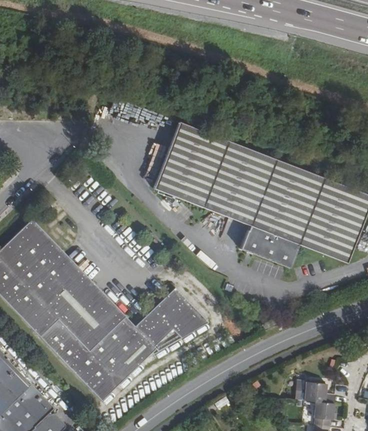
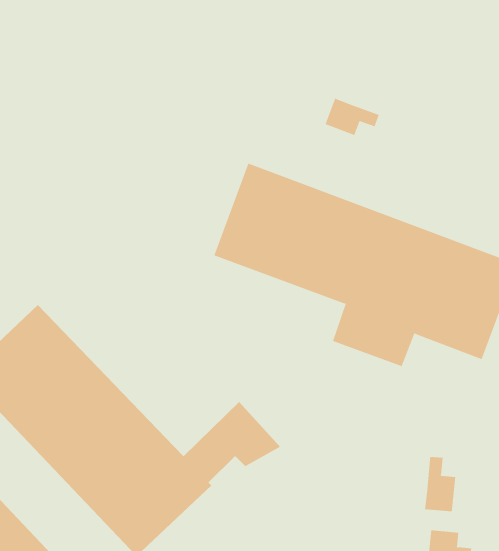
building: none -> [325,98,379,136]
building: none -> [425,456,456,512]

